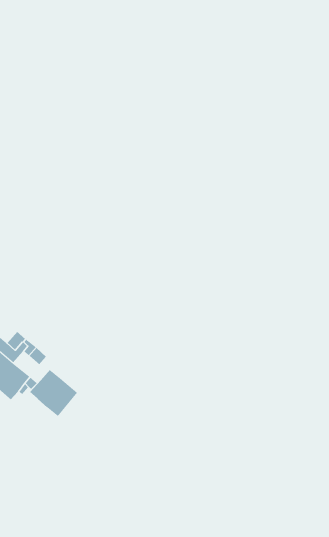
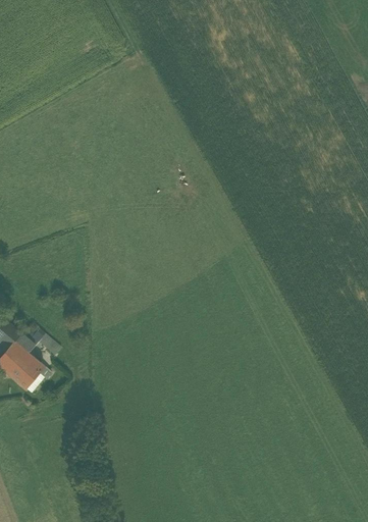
building: [29,369,78,417] -> none

